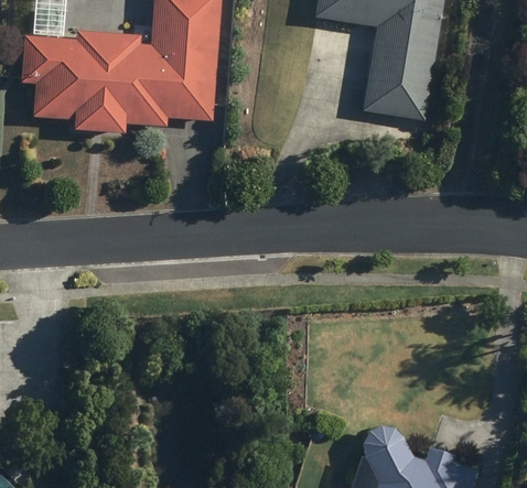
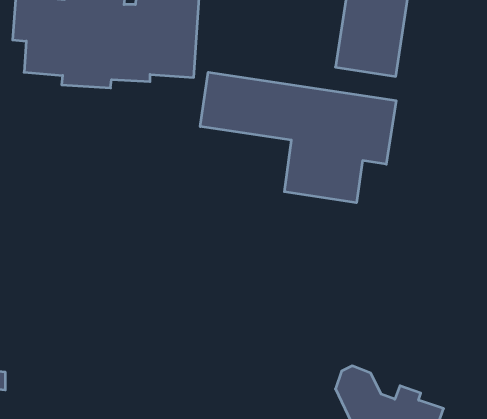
building: none -> [200,72,396,203]

